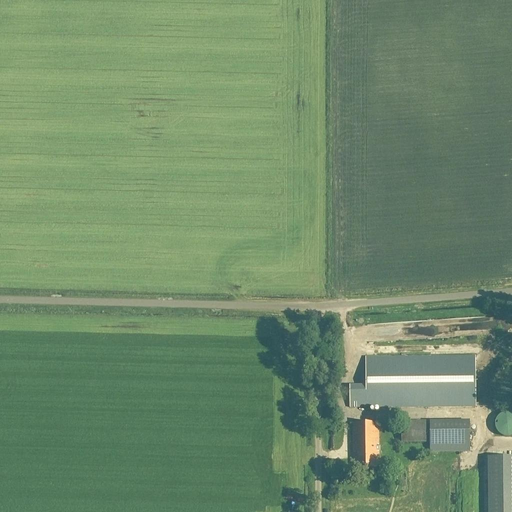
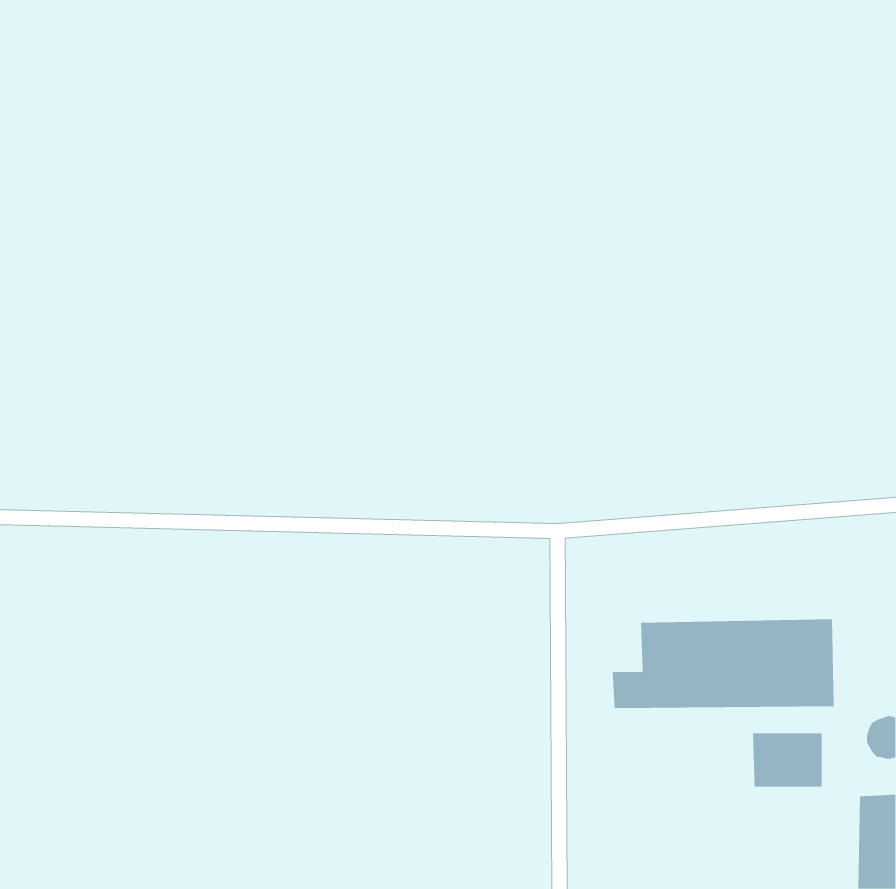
building: [401,418,426,440] -> none
building: [352,420,379,464] -> none

